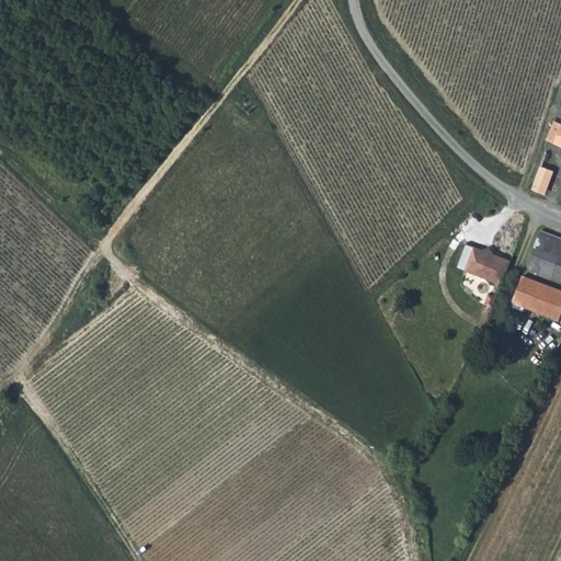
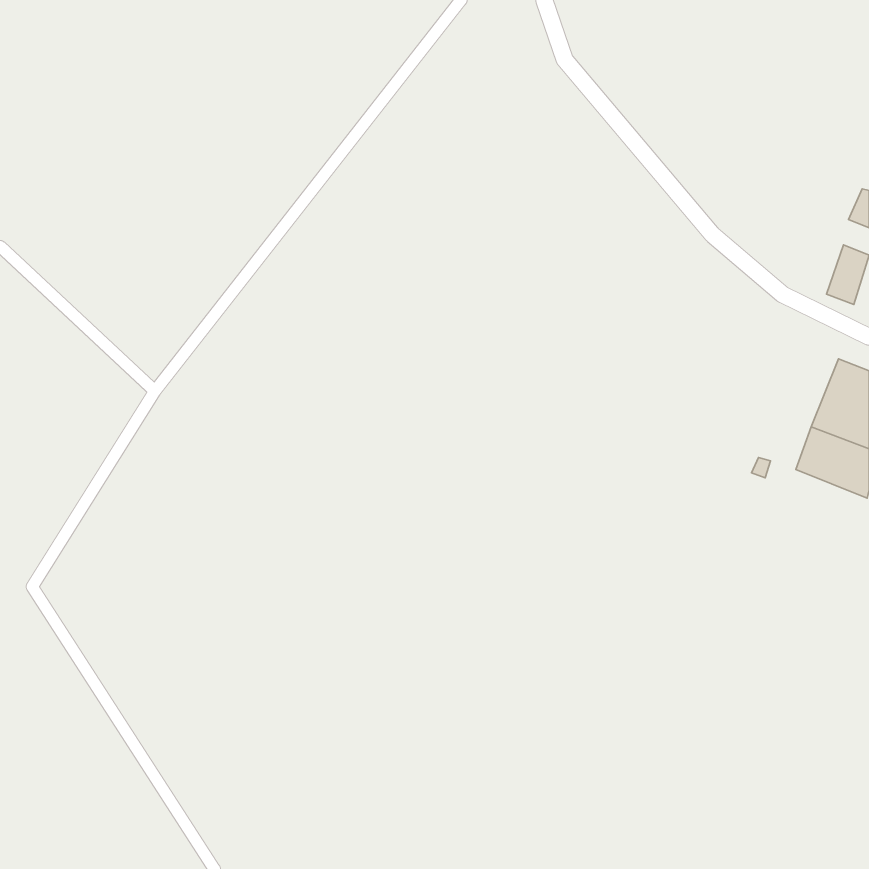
building: [465,247,511,285] -> none

